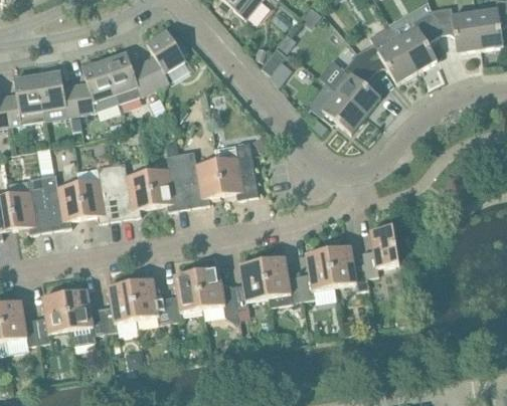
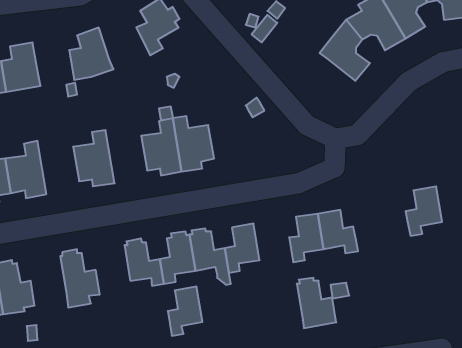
building: [105,52,157,103] -> none
building: [37,71,79,121] -> none
building: [308,82,366,134] -> none
building: [214,142,259,199] -> none
building: [112,163,154,219] -> none
building: [42,174,84,230] -> none
building: [362,227,399,277] -> [406,186,442,236]
building: [263,254,303,306] -> [297,278,336,328]
building: [102,282,137,333] -> [168,286,202,336]
building: [35,290,71,344] -> none

